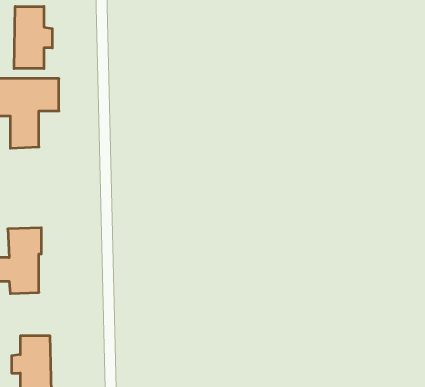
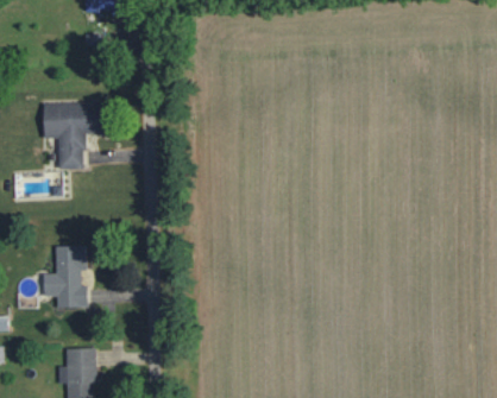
building: [14,6,52,69] -> none

